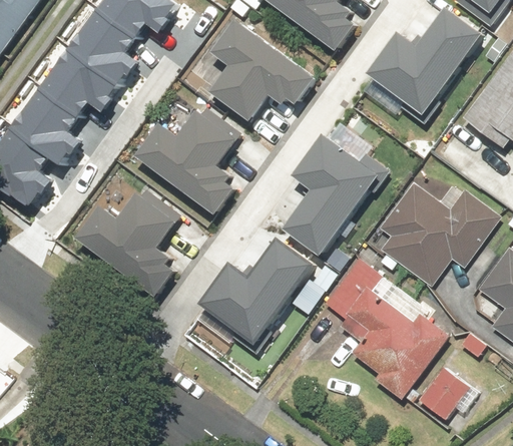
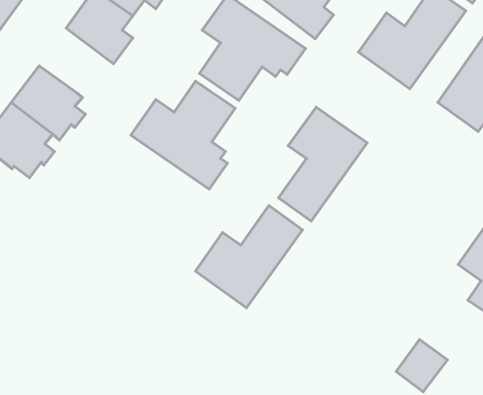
building: [41,48,118,115] -> none
building: [75,180,183,293] -> none
building: [375,184,496,290] -> none
building: [319,262,445,406] -> none

